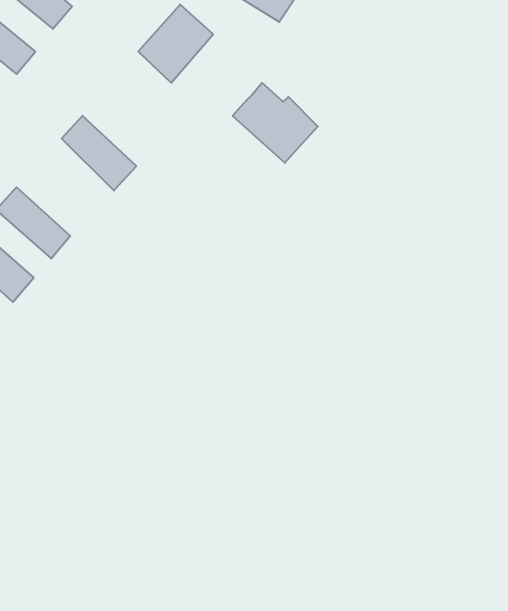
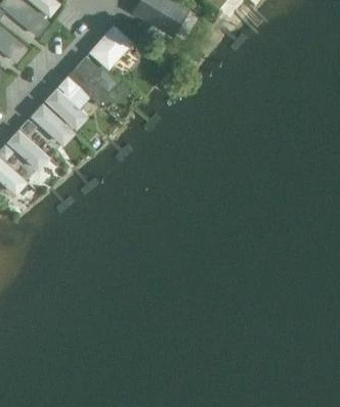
building: [233,83,318,163] -> [69,54,119,101]
building: none -> [29,104,75,148]

